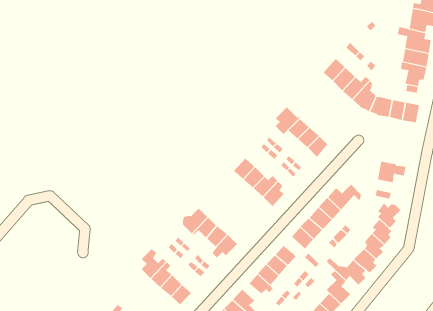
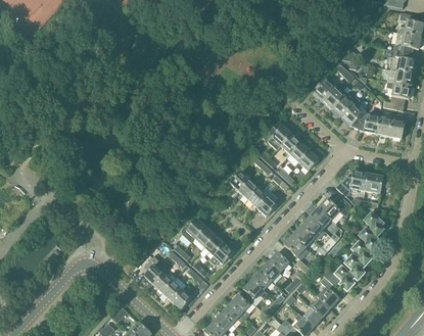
building: none -> [336,171,368,196]

